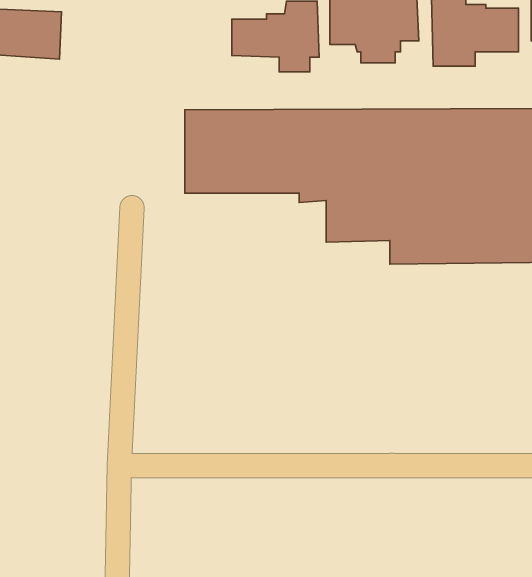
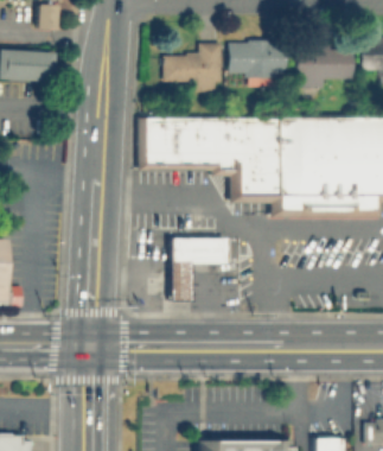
building: none -> [172,237,229,299]

